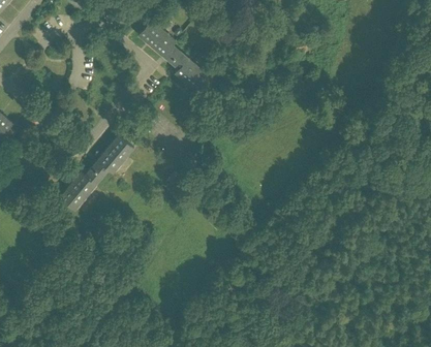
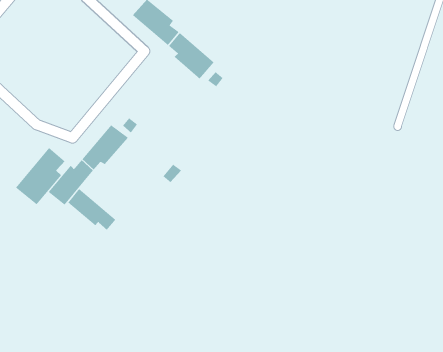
building: none -> [15,147,66,205]
building: none -> [67,188,116,231]

